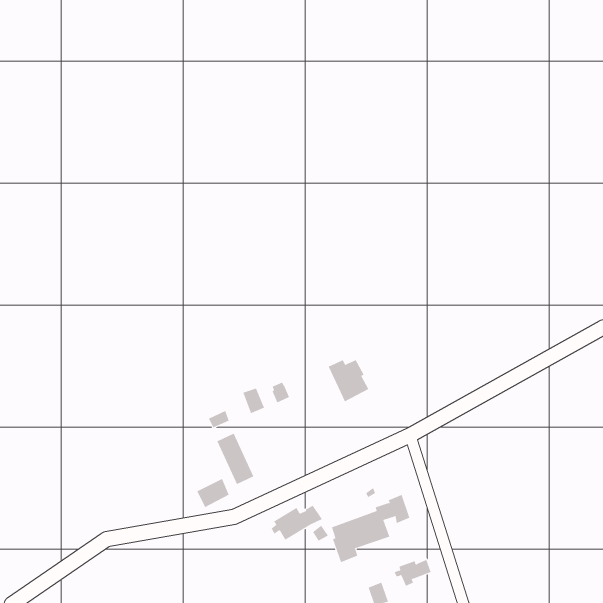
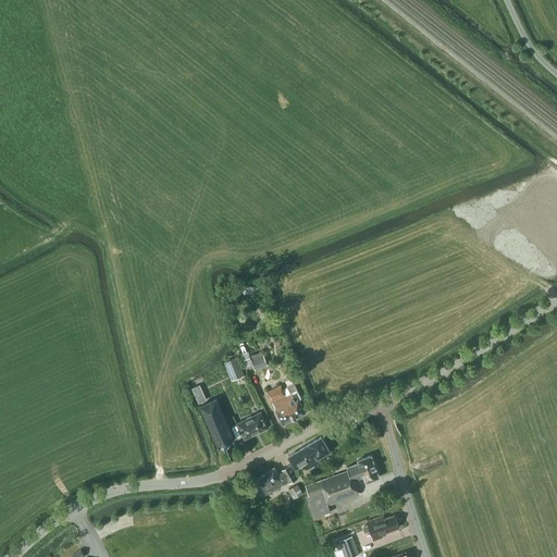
building: [328,360,369,402] -> [267,385,305,424]
building: none -> [287,436,329,470]
building: [196,478,230,508] -> [236,412,267,440]

